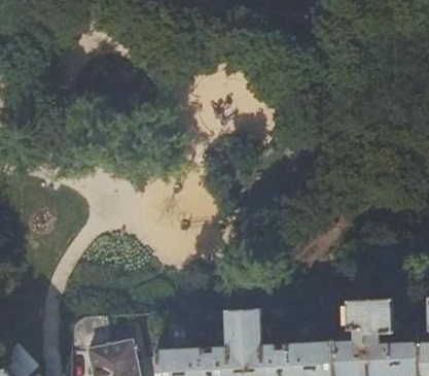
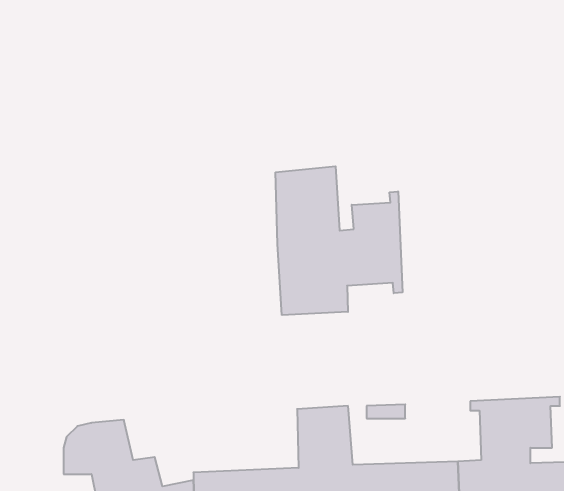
building: none -> [276,166,402,315]

